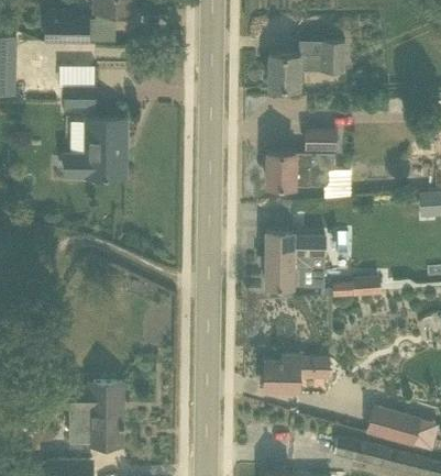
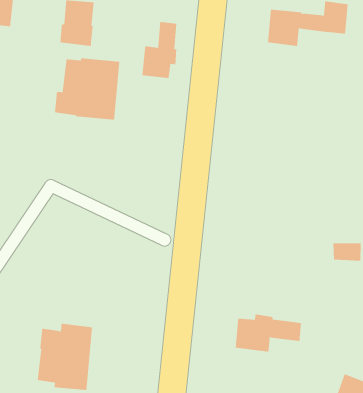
building: none -> [142,21,177,79]
building: [268,133,335,188] -> none
building: [266,232,326,288] -> none

